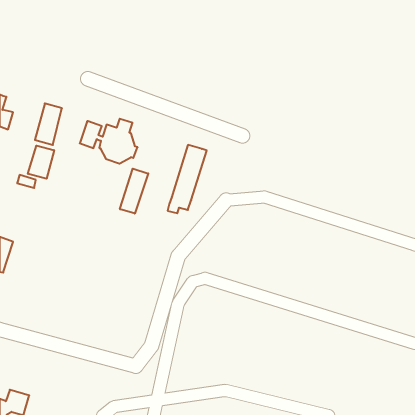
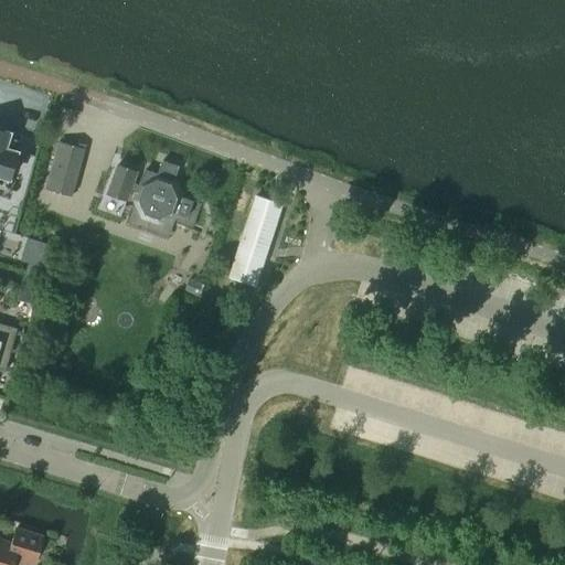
building: [28,146,54,179] -> none
building: [120,169,148,214] -> none

